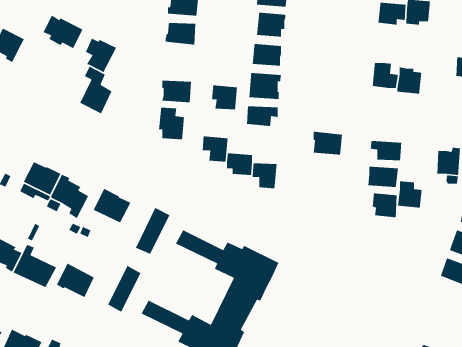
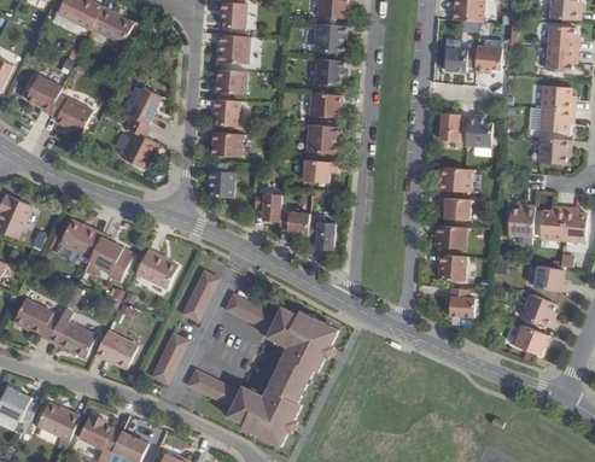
building: [42,15,84,49] -> [48,94,93,131]
building: [211,85,238,110] -> [211,98,240,125]
building: [313,131,343,155] -> [439,165,472,192]
building: [397,181,423,208] -> [448,287,476,317]

